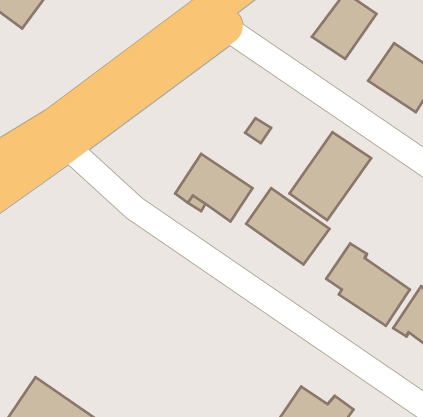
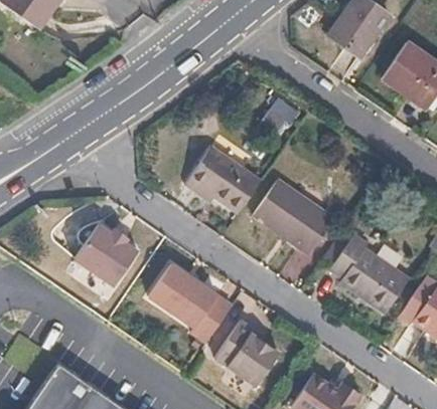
building: [290,132,371,220] -> none
building: none -> [79,224,144,287]
building: none -> [145,263,230,344]
building: none -> [215,322,279,387]

